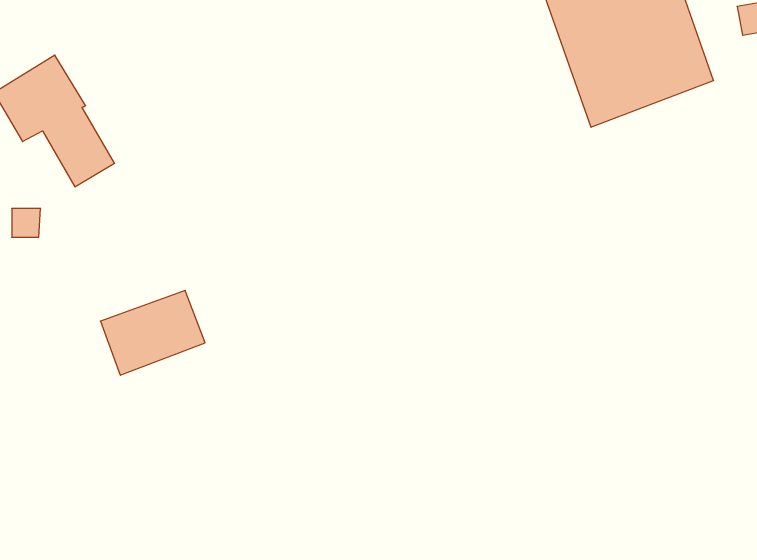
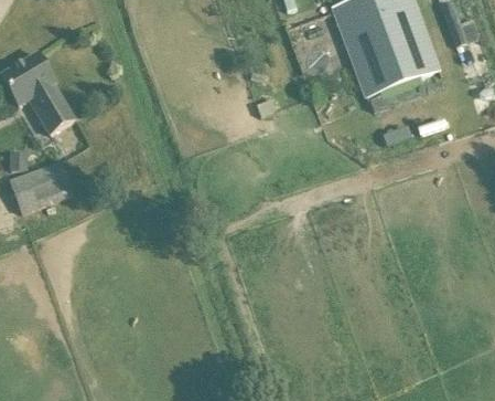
building: [100,290,205,375] -> [9,161,73,213]

